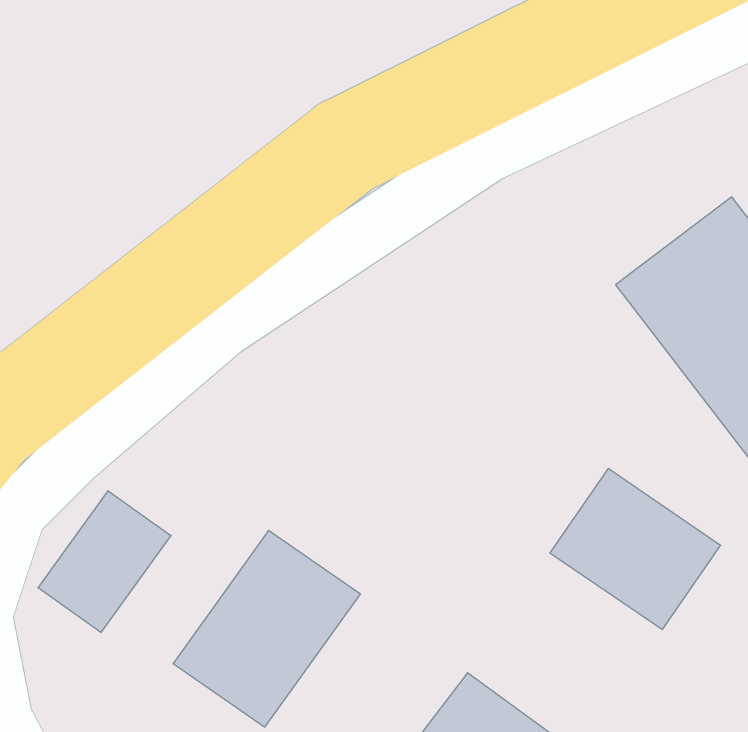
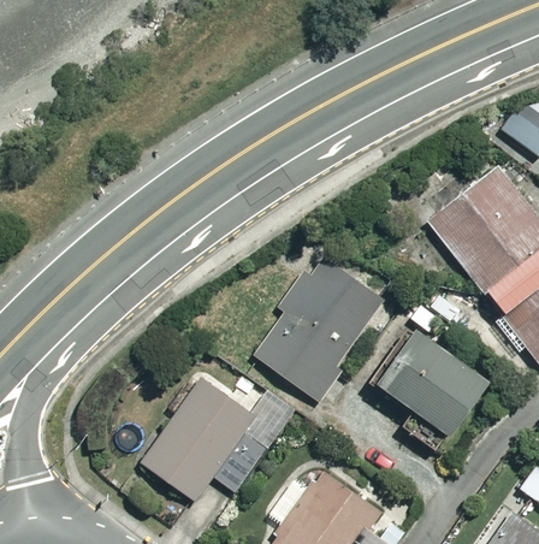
building: none -> [250,256,390,404]
building: [38,491,171,633] -> none

